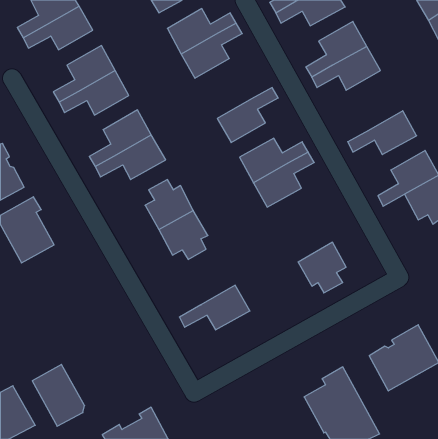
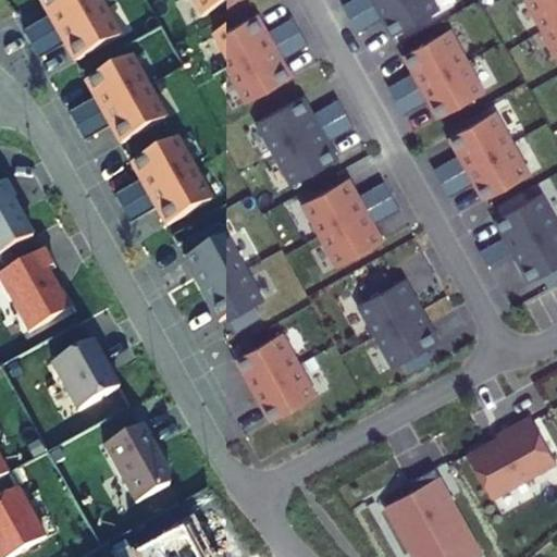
building: none -> [259,94,346,150]
building: none -> [434,109,511,180]
building: none -> [360,269,422,332]
building: none -> [221,331,299,401]
building: none -> [50,342,116,411]
building: [32,364,85,426] -> [103,425,170,504]

